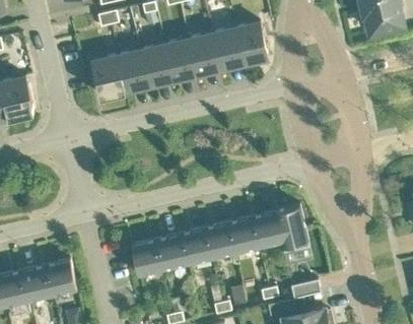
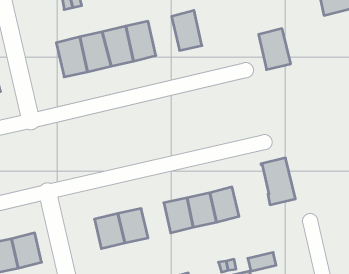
building: [234,22,268,65] -> [259,29,291,70]
building: [187,35,219,75] -> none
building: [273,205,308,254] -> [261,158,295,205]
building: [180,229,210,265] -> none

